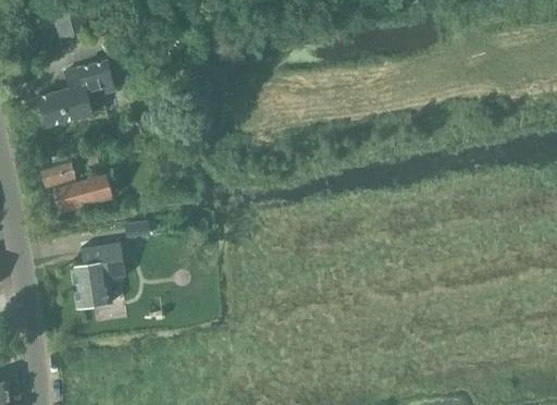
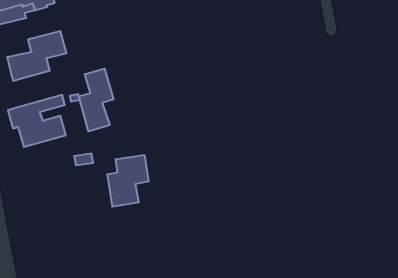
building: none -> [79,69,114,131]
building: [70,241,124,307] -> [107,155,149,206]

